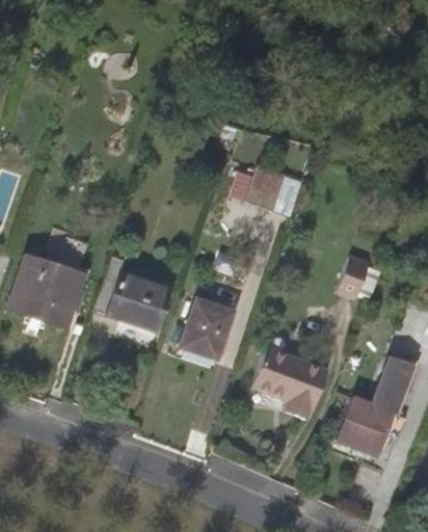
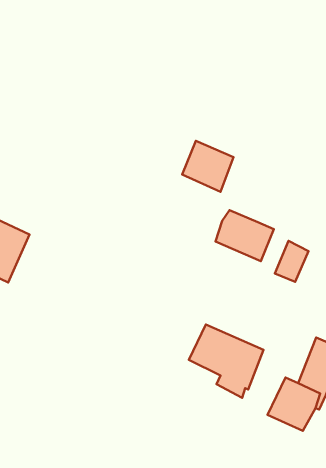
building: none -> [215,210,274,261]
building: [95,270,168,331] -> none
building: [188,297,239,356] -> none

